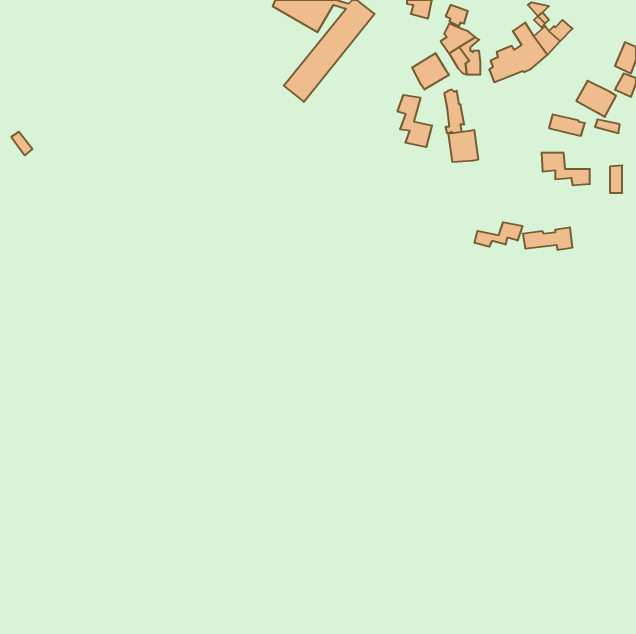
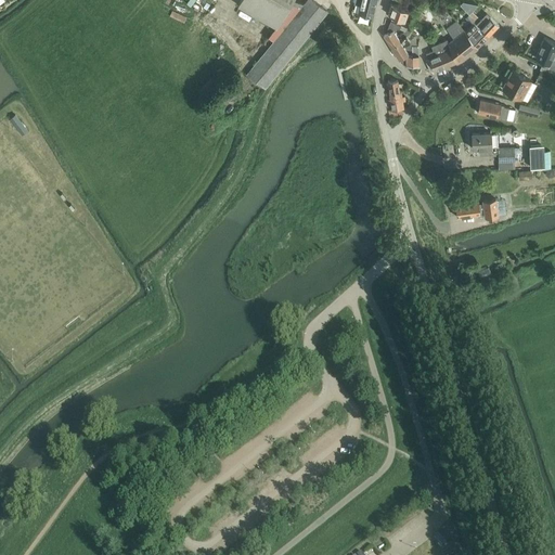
building: [412,53,449,90] -> none
building: [398,95,432,147] -> none
building: [448,130,478,162] -> none
building: [475,222,522,247] -> none

